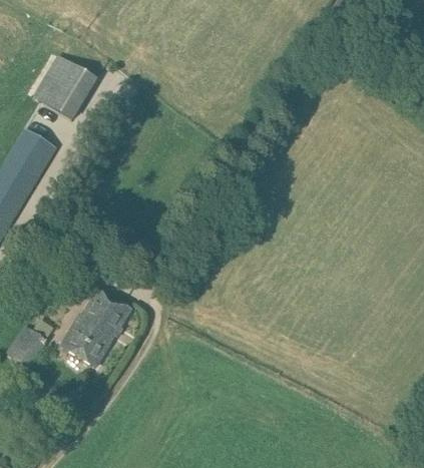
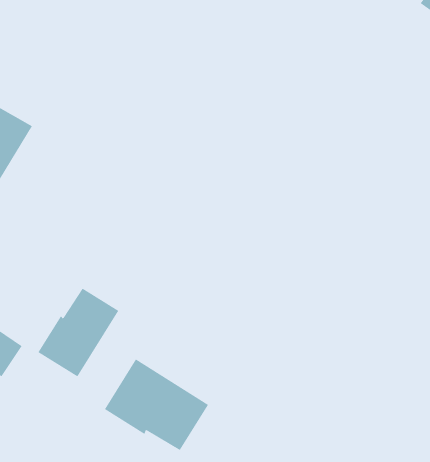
building: [32,54,99,120] -> none
building: none -> [104,359,209,451]

